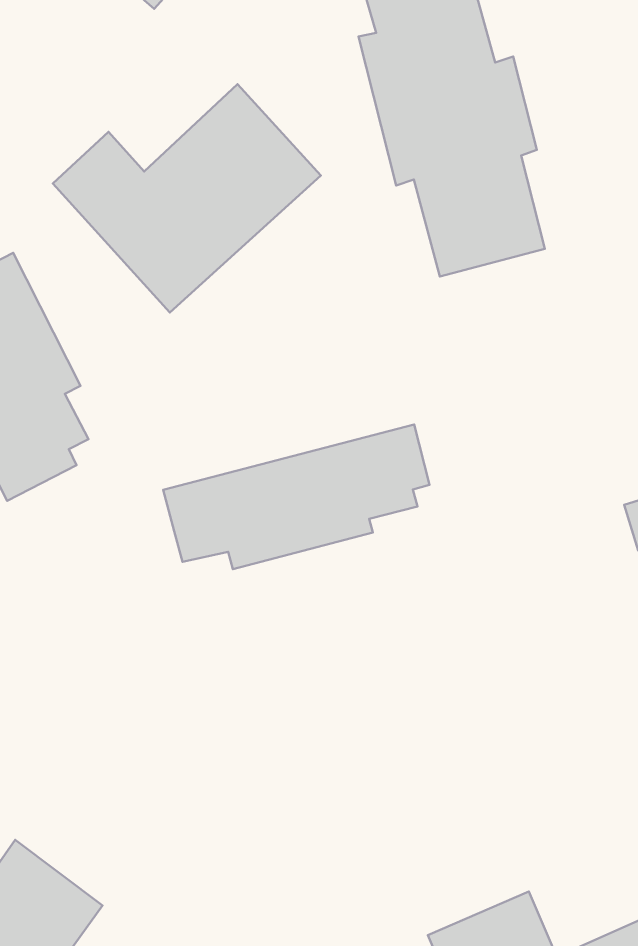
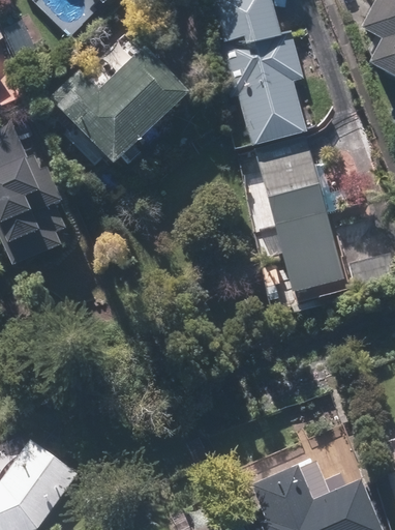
building: none -> [255,137,344,293]
building: [163,424,430,569] -> none

